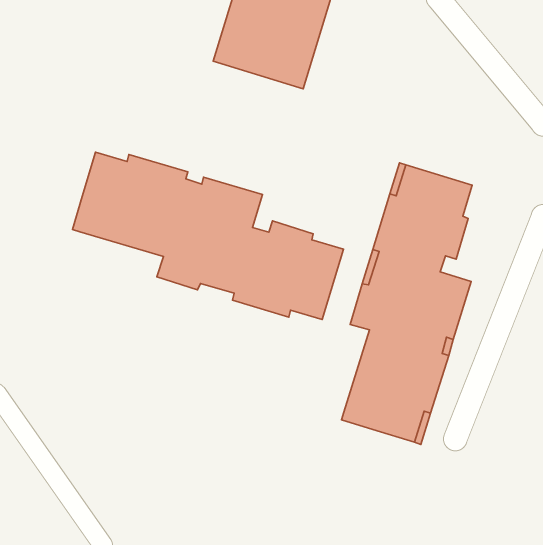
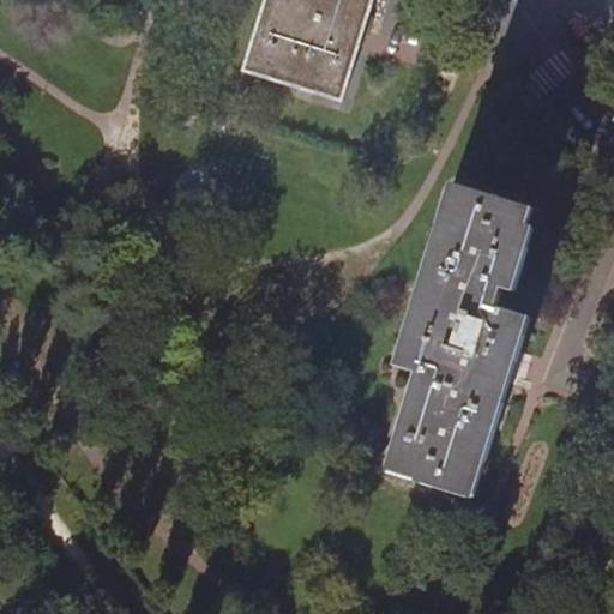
building: [72,152,343,319] -> none

